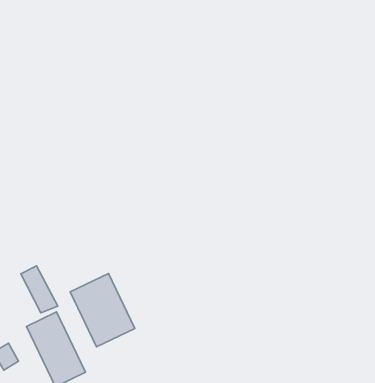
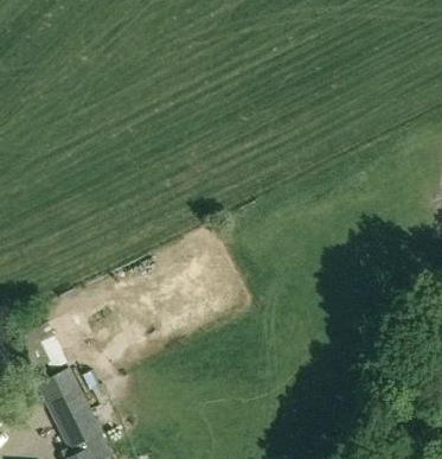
building: [70,273,135,347] -> none

